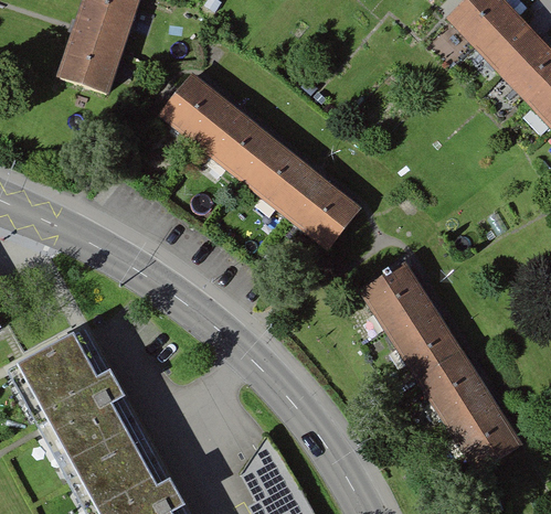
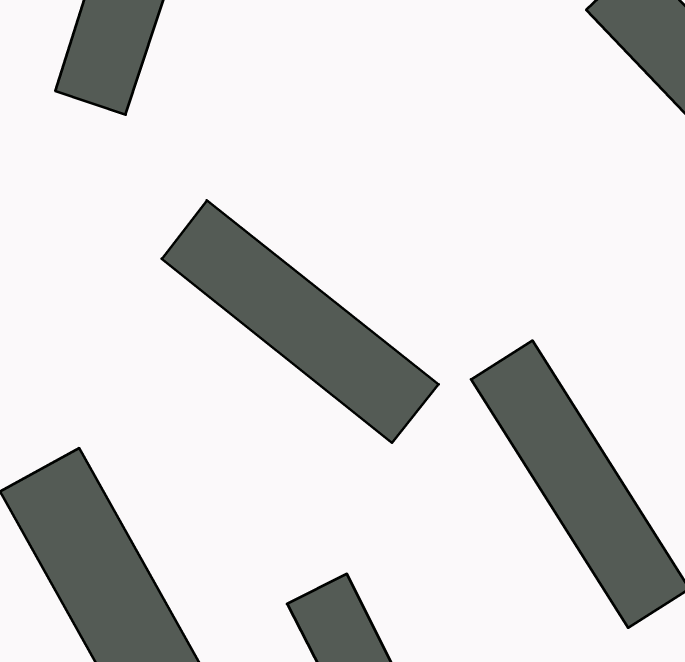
building: [159,73,363,251] -> [162,200,439,443]

